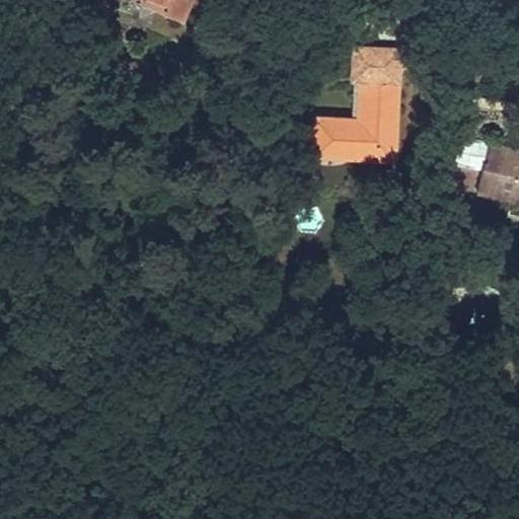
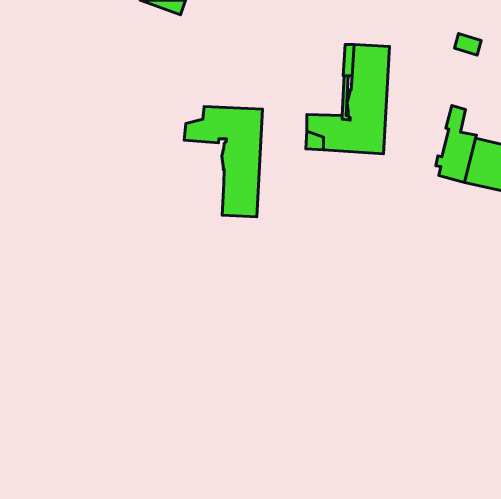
building: none -> [184,106,263,217]

